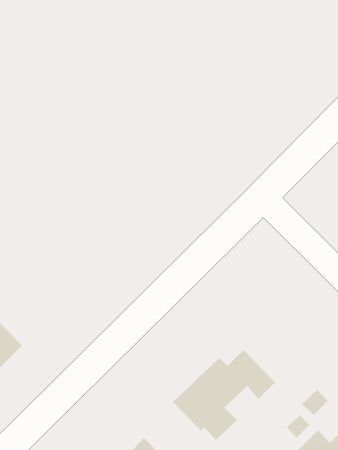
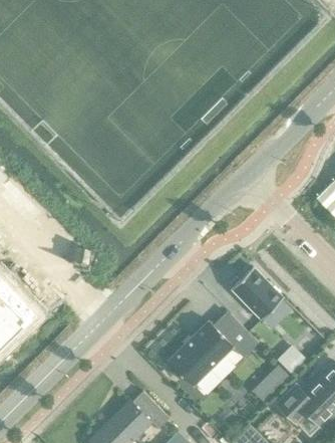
building: none -> [231,268,283,319]

